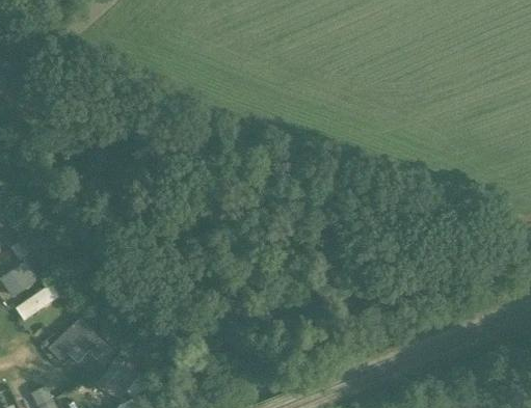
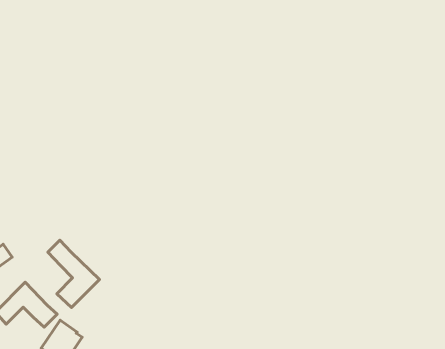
building: none -> [48,240,99,307]

